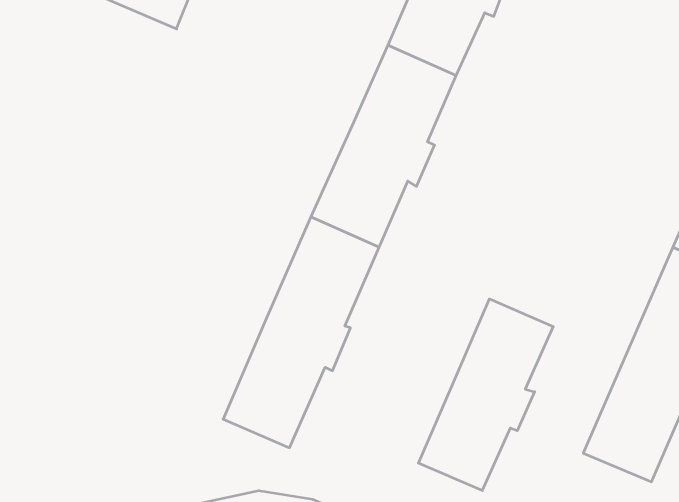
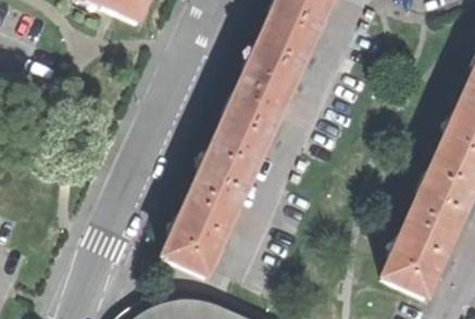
building: [418,299,553,491] -> none

